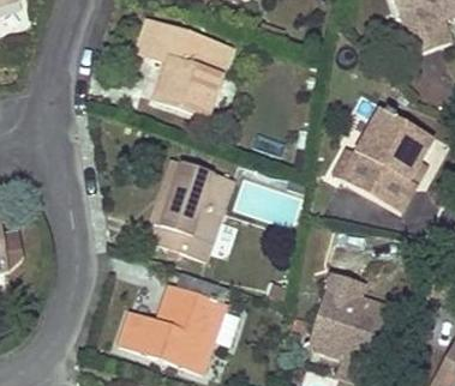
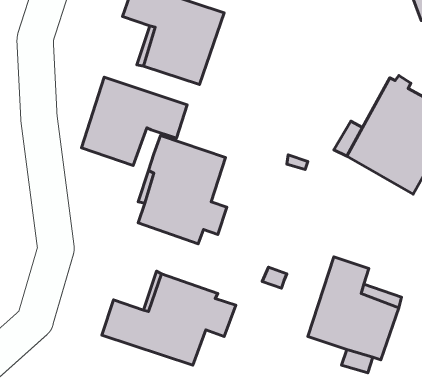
building: none -> [82,77,187,165]

